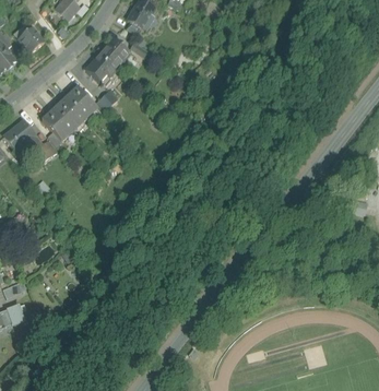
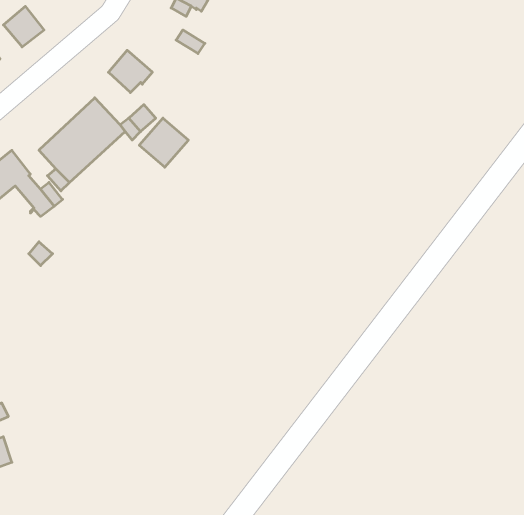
building: [98,37,130,69] -> [139,118,188,167]

